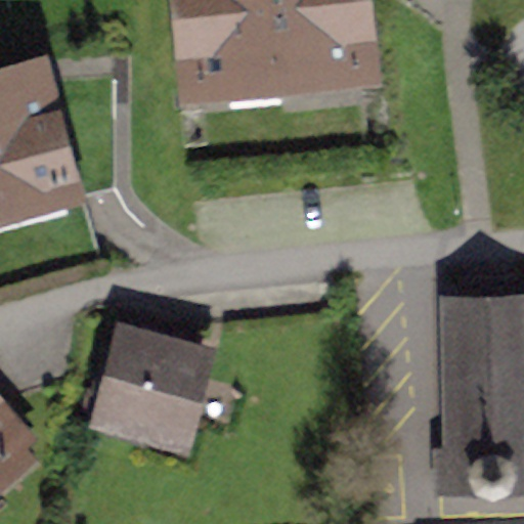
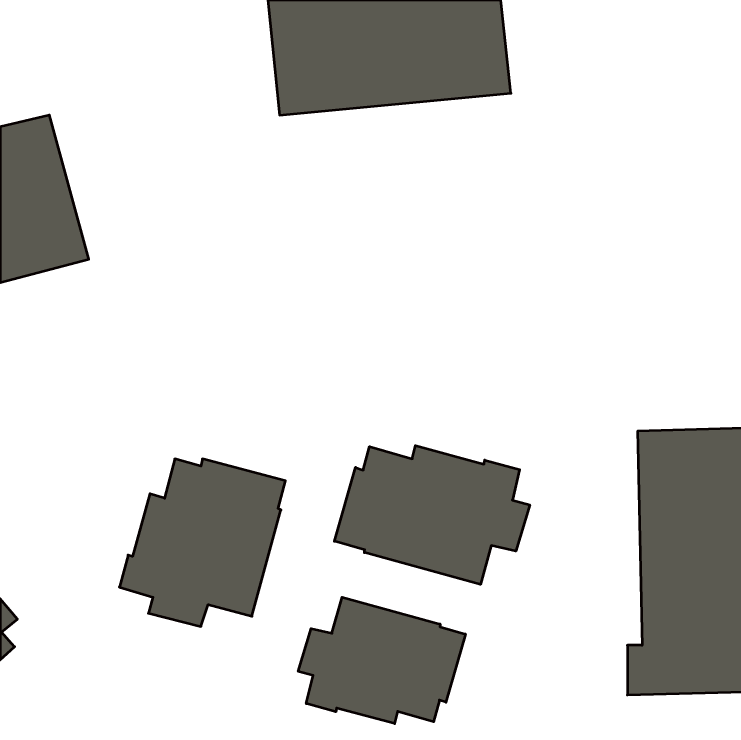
building: none -> [334,446,530,584]
building: none -> [298,597,465,724]

